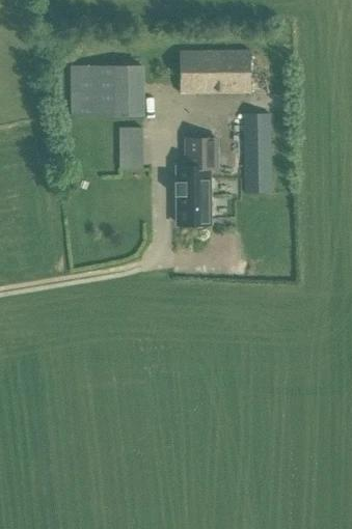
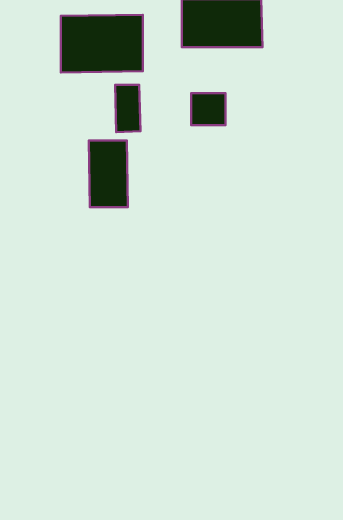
building: [243,113,273,193] -> none
building: [177,164,212,224] -> [89,141,128,207]

